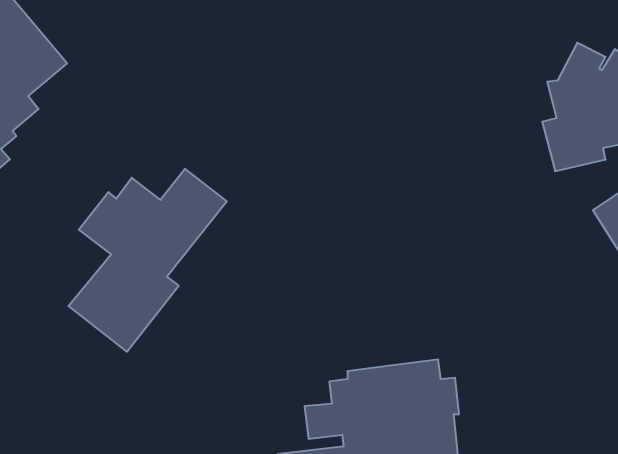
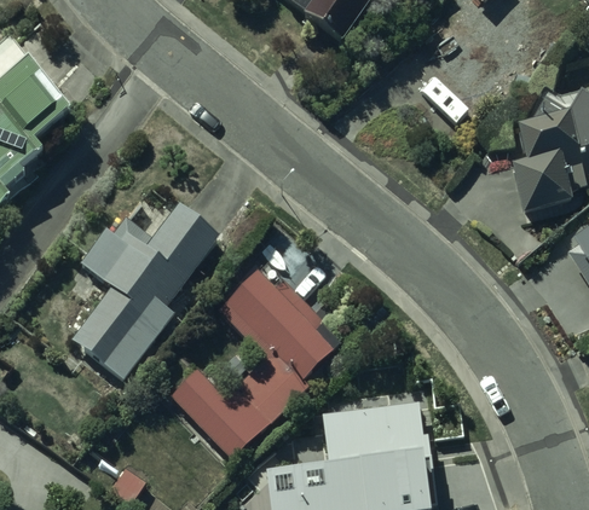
building: none -> [169,263,333,462]

